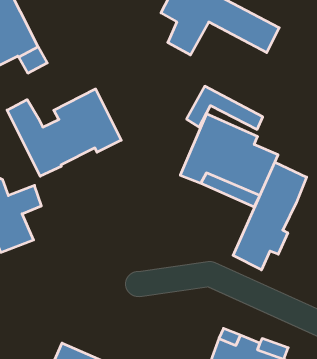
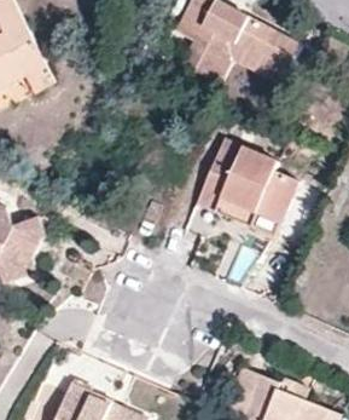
building: [187,86,263,129] -> [207,39,287,85]
building: [7,89,121,176] -> none
building: [233,162,307,270] -> none

